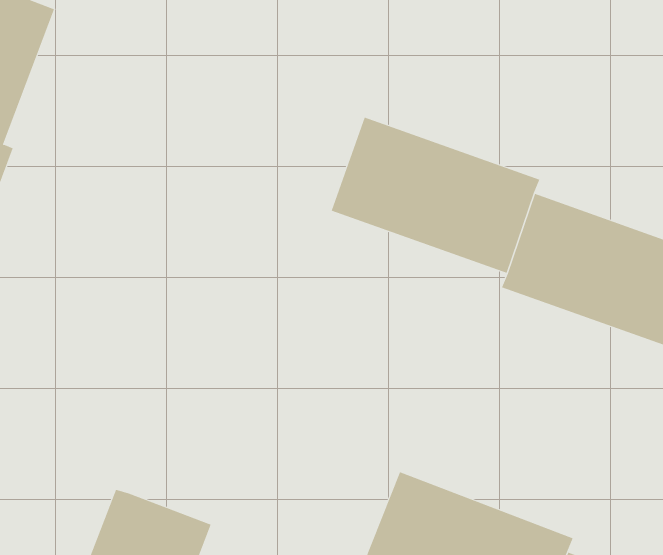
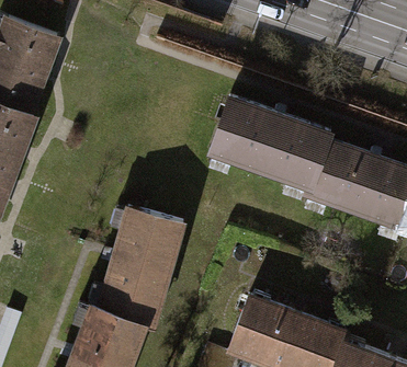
building: none -> [99,208,184,331]

